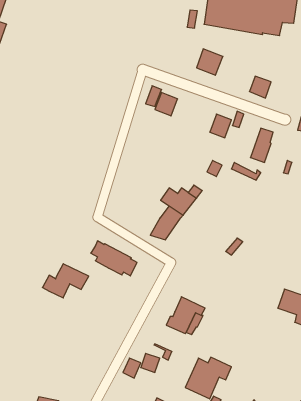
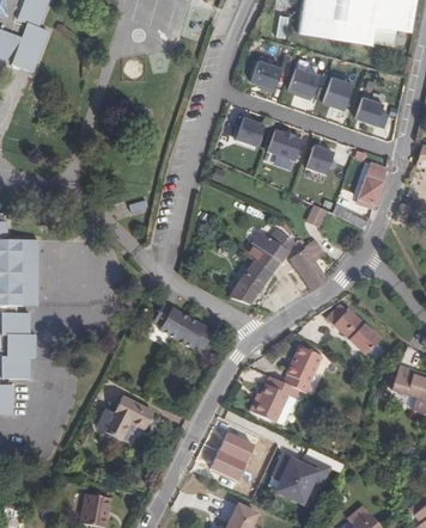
building: none -> [250,55,282,88]
building: none -> [323,73,354,108]
building: none -> [268,129,302,160]
building: none -> [290,240,328,290]
building: none -> [334,309,379,354]
building: [42,264,89,298] -> [96,397,154,440]
building: none -> [284,345,322,392]

